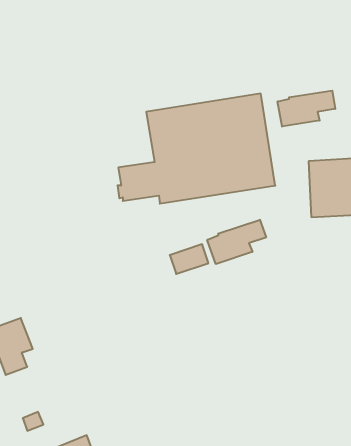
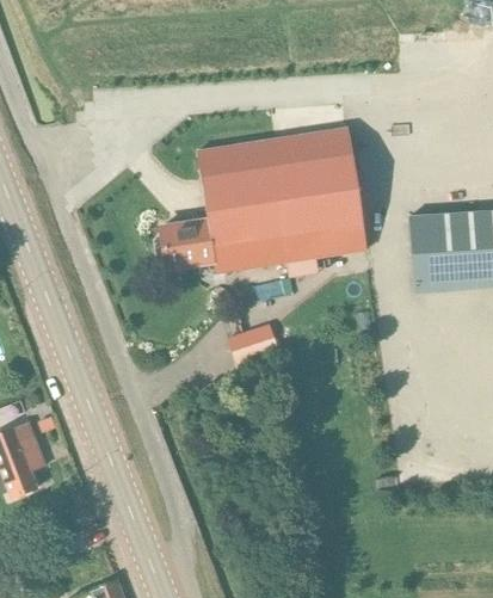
building: [278,91,335,127] -> none
building: [207,220,266,264] -> none

